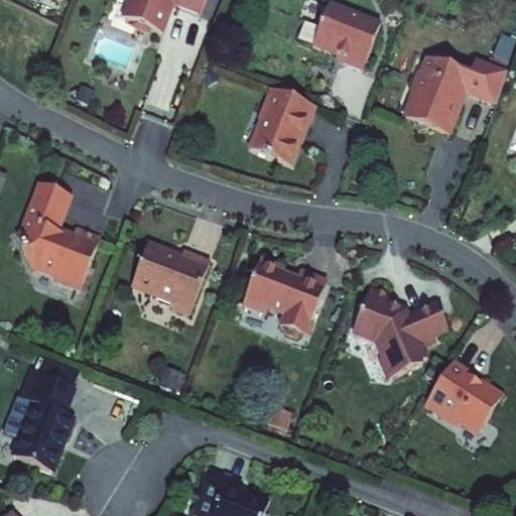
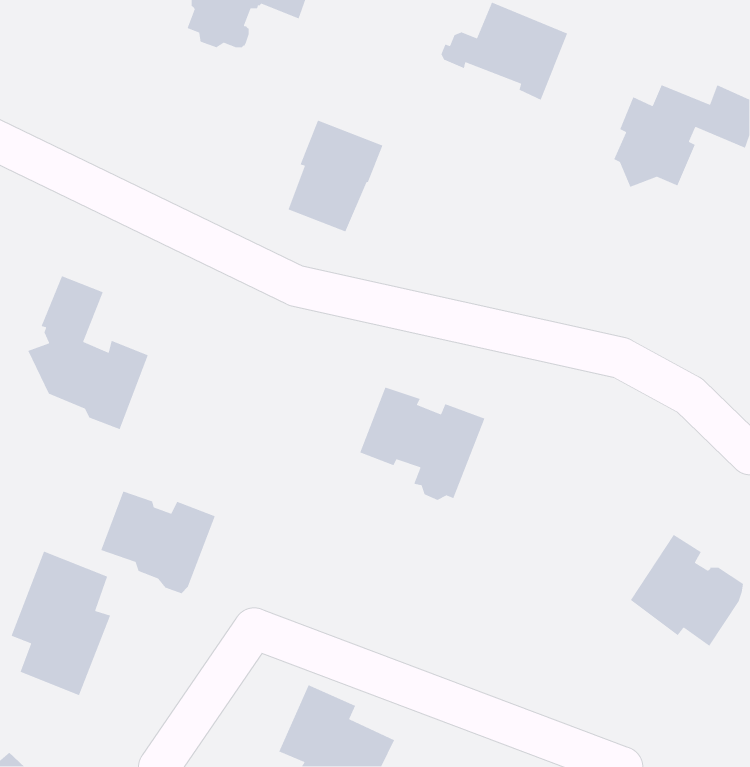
building: [251,88,315,163] -> [287,120,384,232]
building: [131,243,209,312] -> [100,490,216,594]
building: [350,286,445,376] -> none

